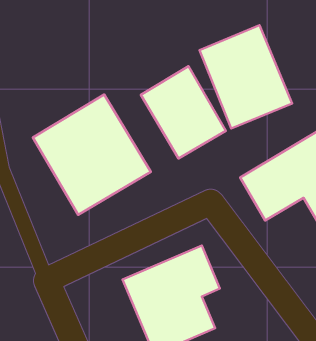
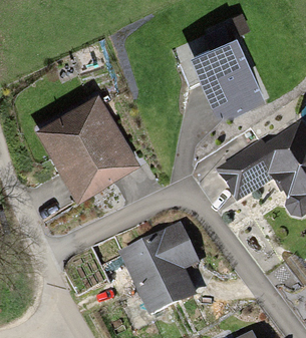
building: [141,66,226,159] -> none

